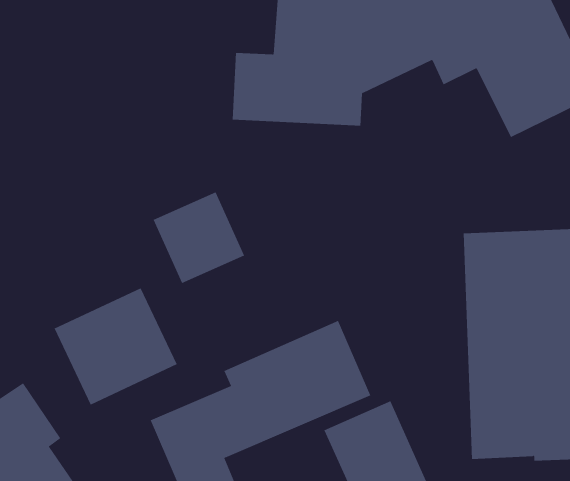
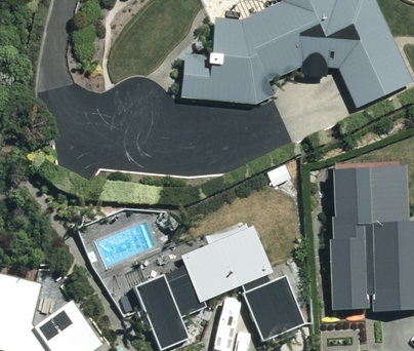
building: [153,192,245,284] -> none
building: [54,287,178,405] -> none

